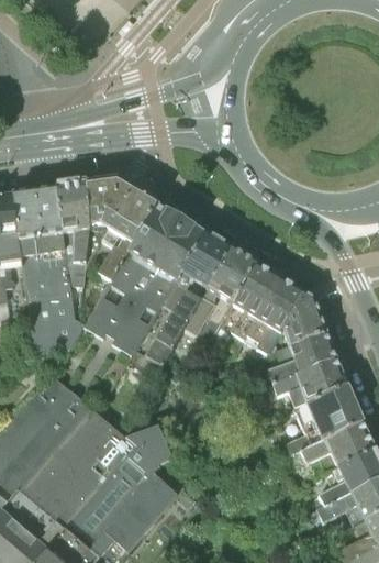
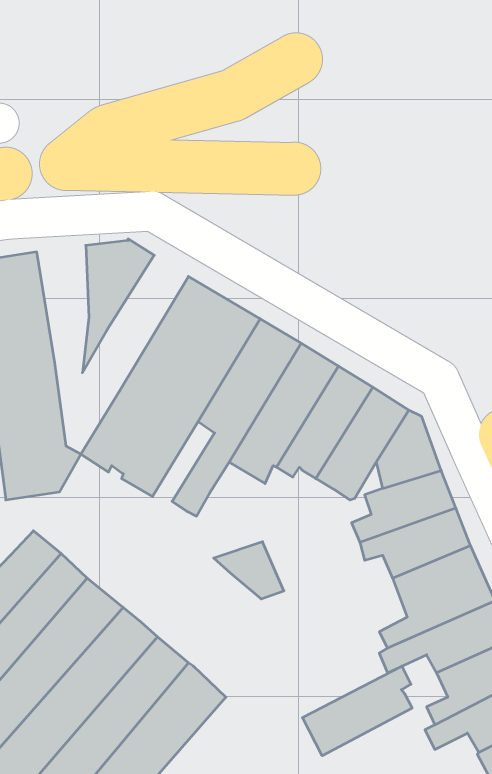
building: [55,180,90,283] -> none
building: [98,187,157,278] -> none
building: [125,423,172,462] -> [214,542,284,599]
building: none -> [302,666,412,756]

